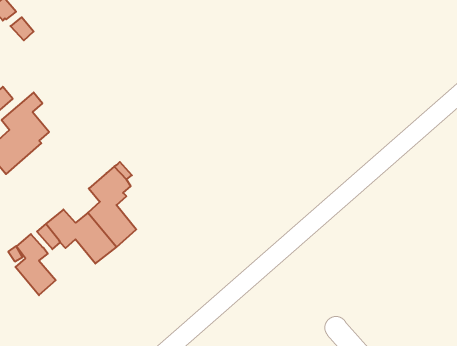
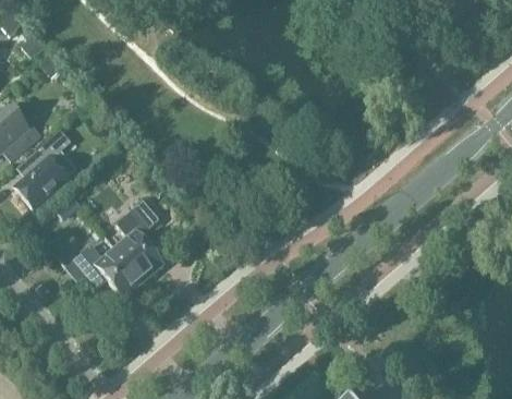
building: [15,234,56,295] -> none

